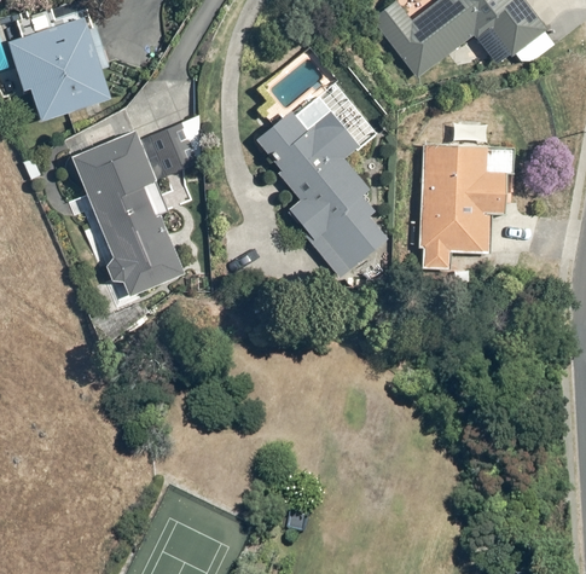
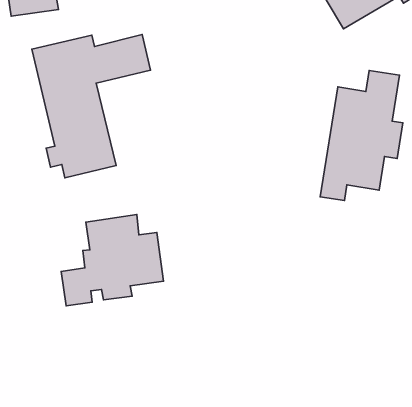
building: [255,108,388,274] -> none
building: none -> [61,215,164,306]

